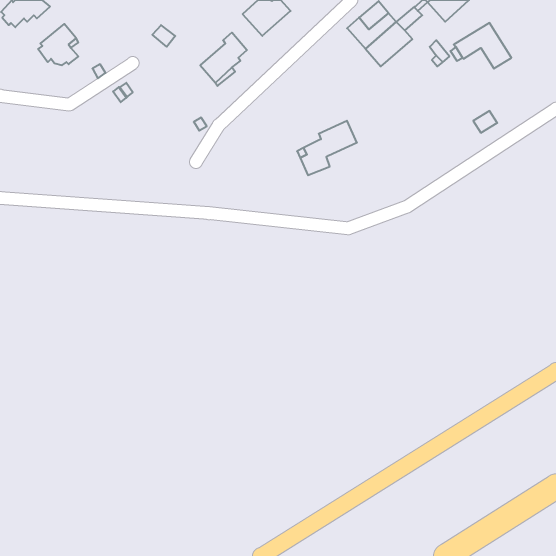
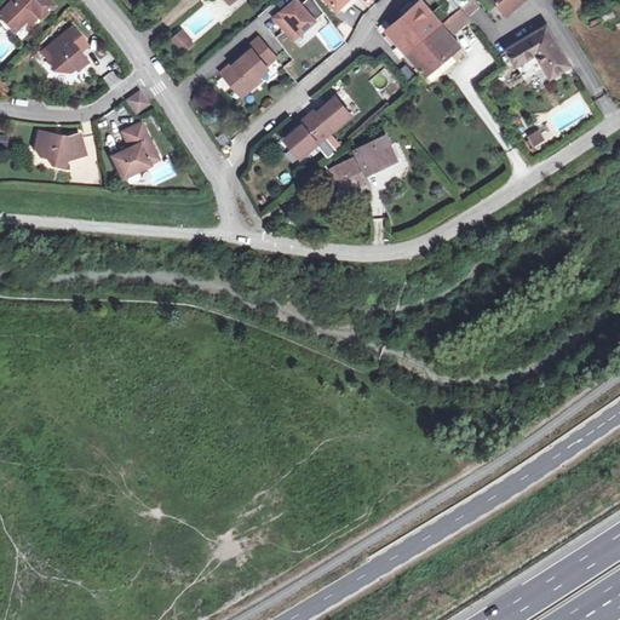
building: none -> [286,97,351,156]
building: none -> [111,124,159,179]
building: none -> [35,132,87,170]

